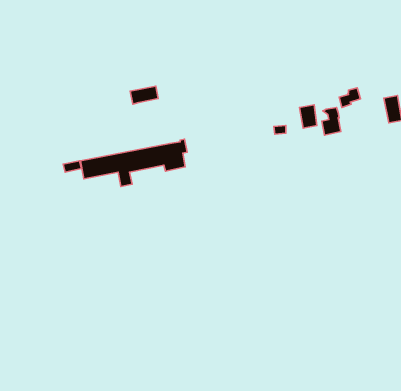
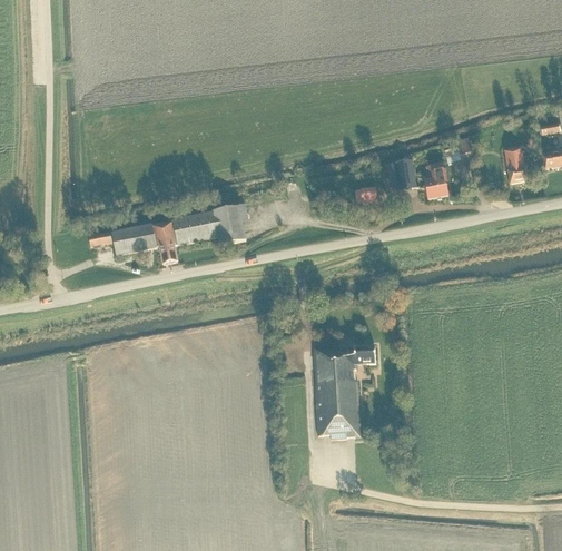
building: [130,86,158,104] -> none
building: none -> [314,346,375,436]

